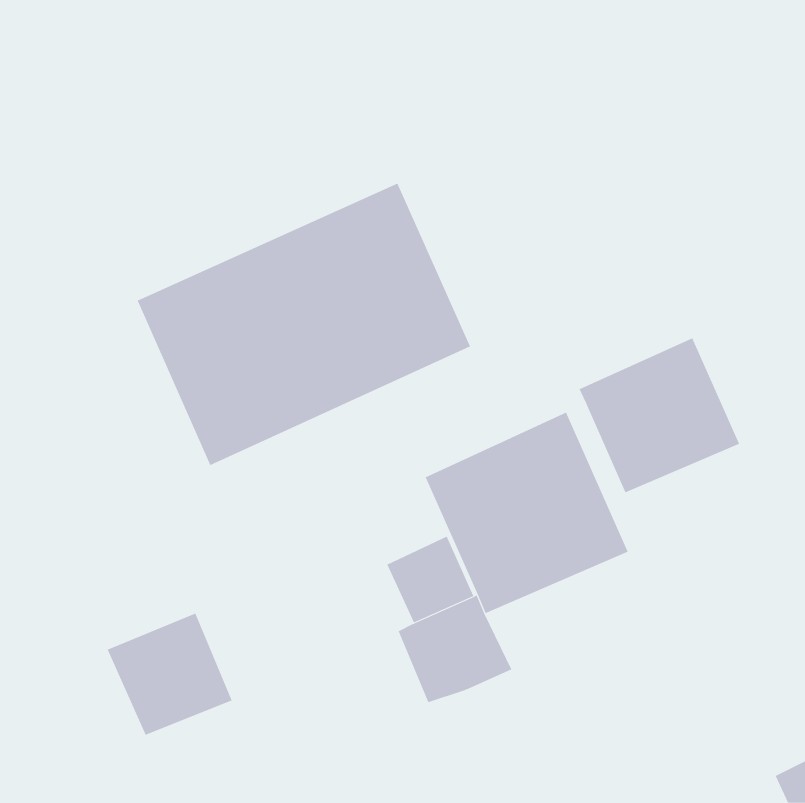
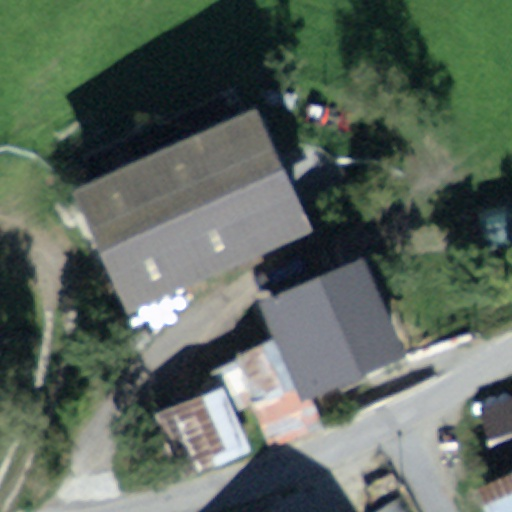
building: [579,337,740,493] -> none
building: [107,613,233,735] -> [167,388,246,465]

